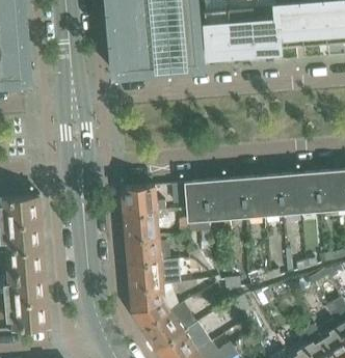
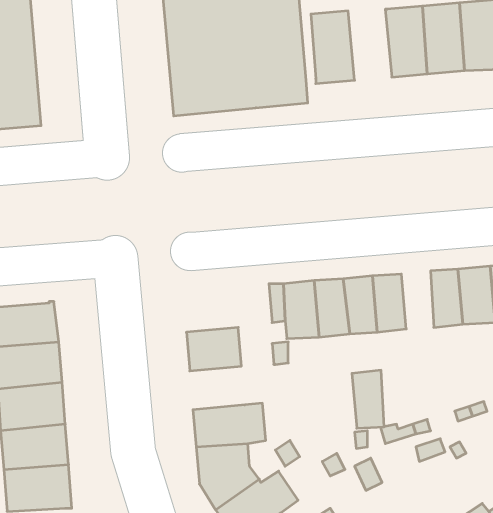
building: [227,7,255,53] -> none
building: [261,175,282,213] -> [352,370,384,428]
building: [121,186,156,215] -> none
building: [125,237,160,265] -> none

